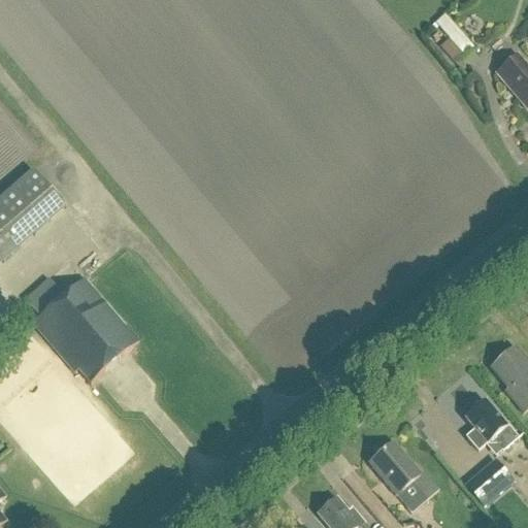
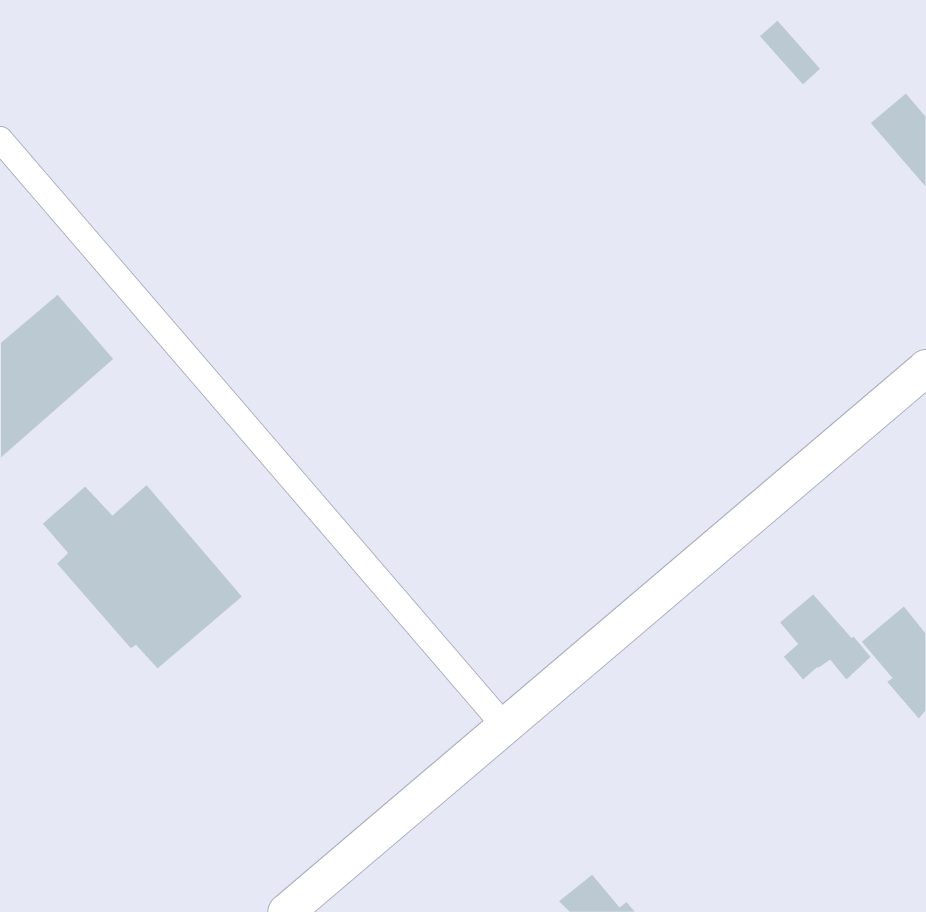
building: [464,398,517,448] -> [779,594,872,681]
building: [368,440,438,498] -> none
building: [467,461,513,504] -> none

